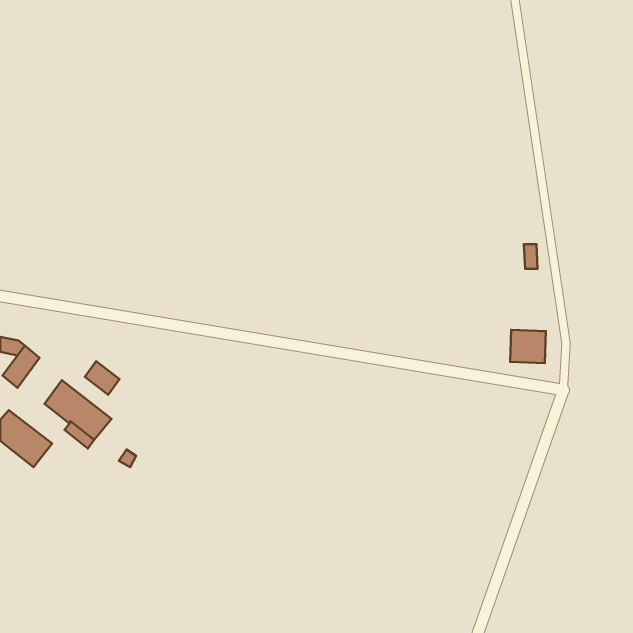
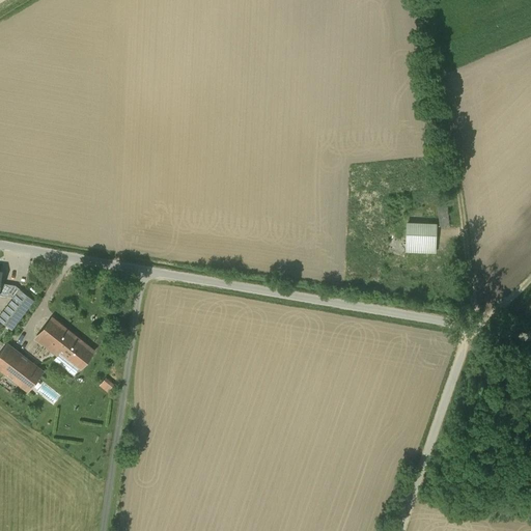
building: [510,330,546,363] -> [404,226,435,254]
building: [85,361,120,395] -> none

